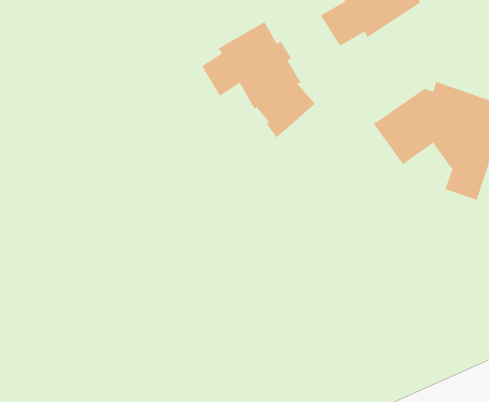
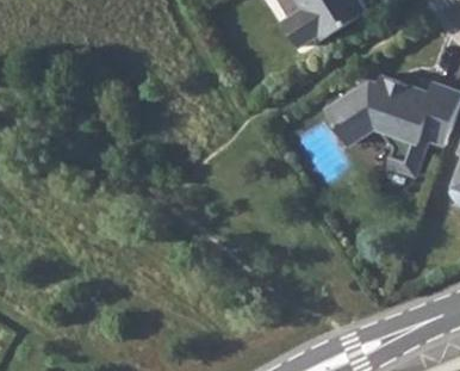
building: [201,21,316,138] -> none

